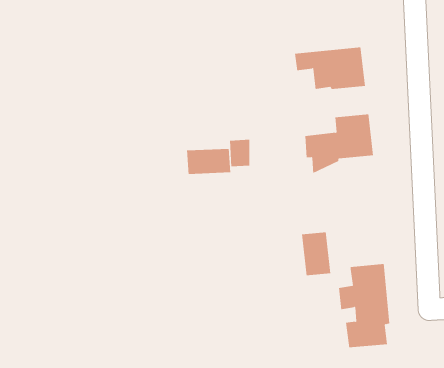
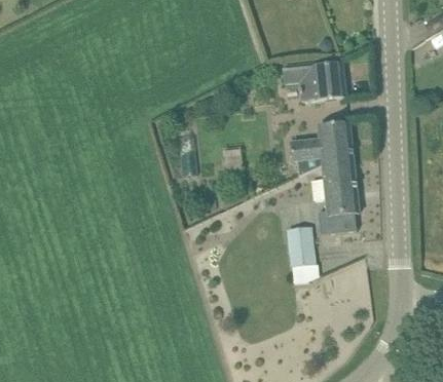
building: [187,148,231,175] -> none
building: [338,263,390,348] -> [311,158,358,233]

